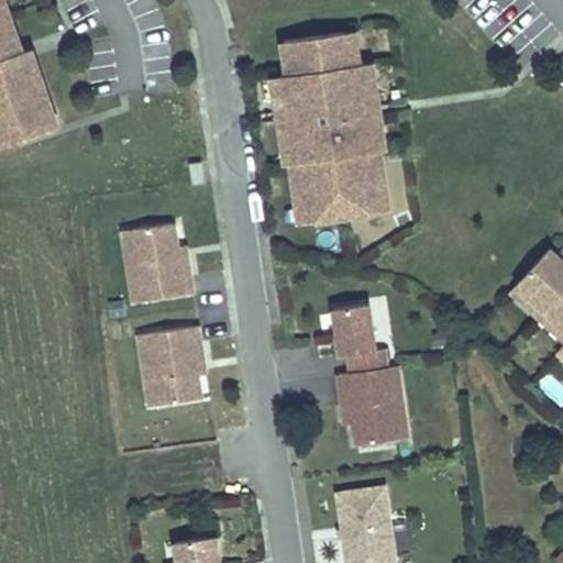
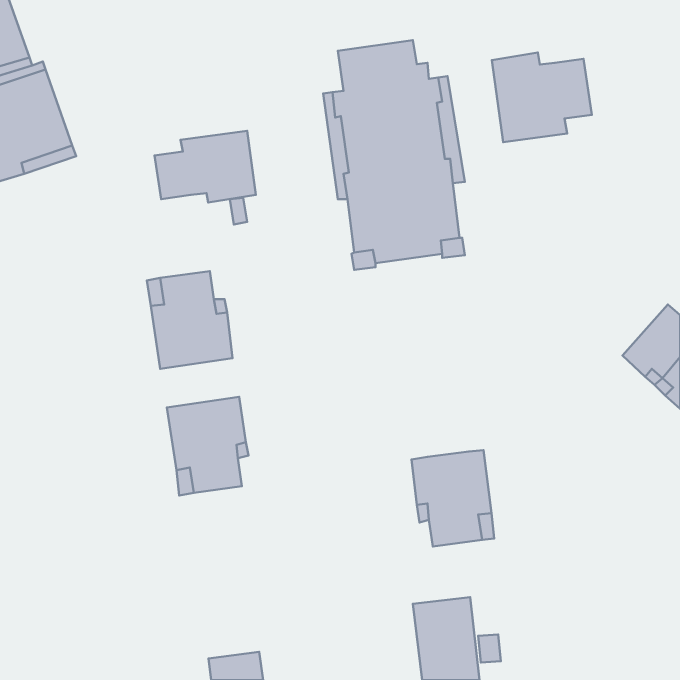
building: none -> [492,52,592,142]
building: none -> [154,131,256,203]
building: [335,307,386,376] -> none

